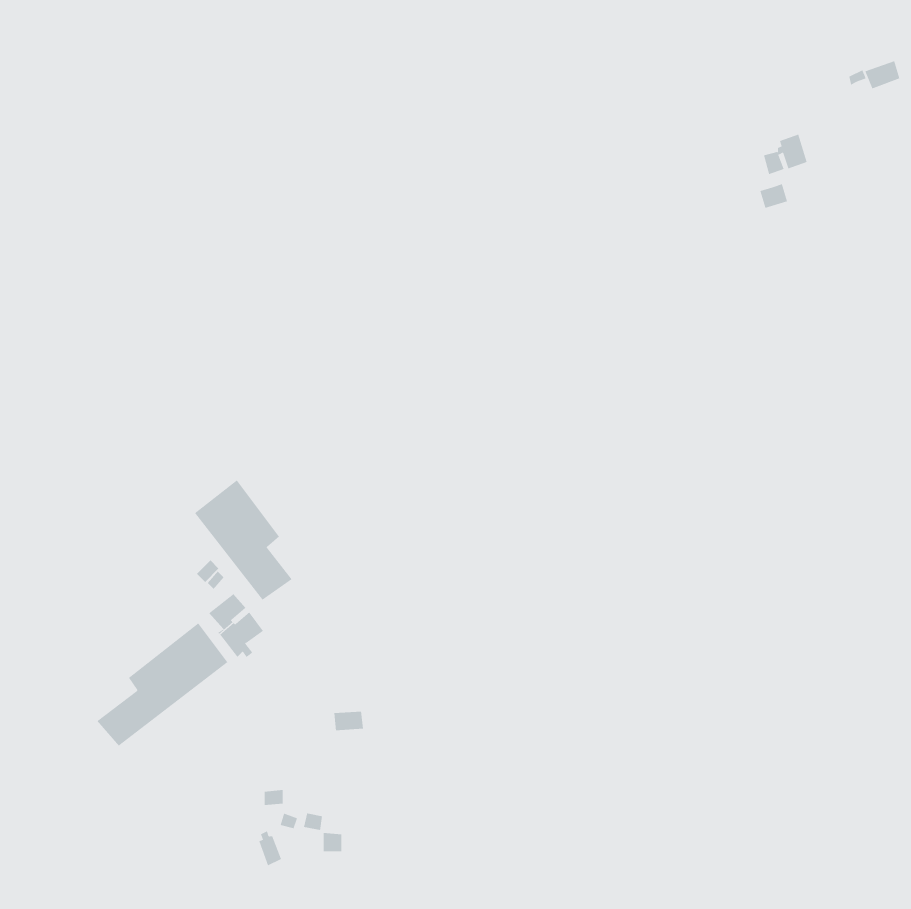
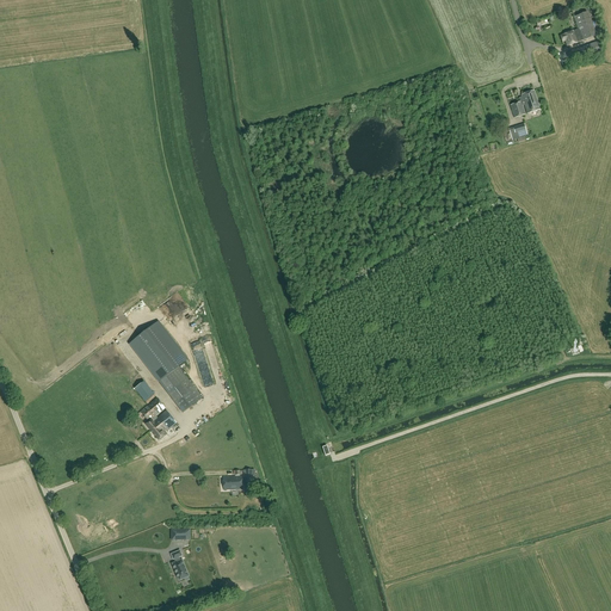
building: none -> [561,12,594,45]
building: [96,622,228,747] -> none

